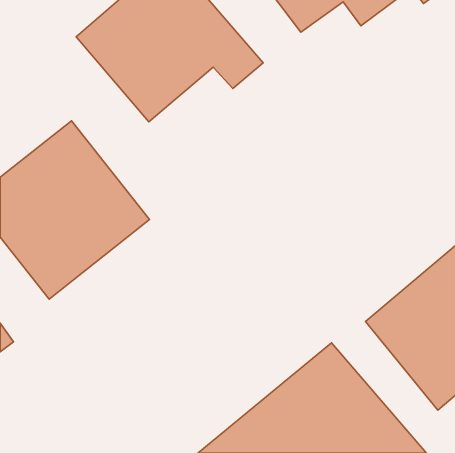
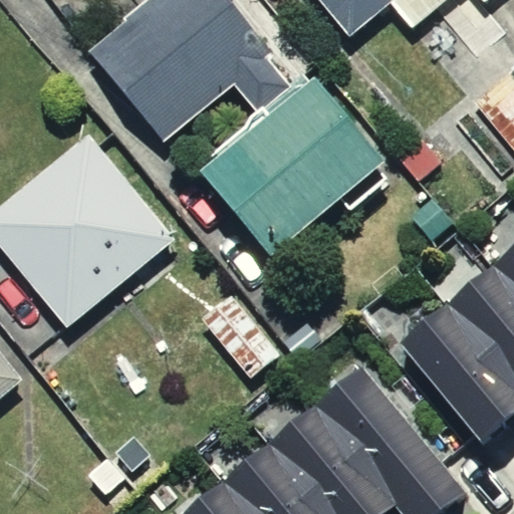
building: none -> [194,70,389,250]

